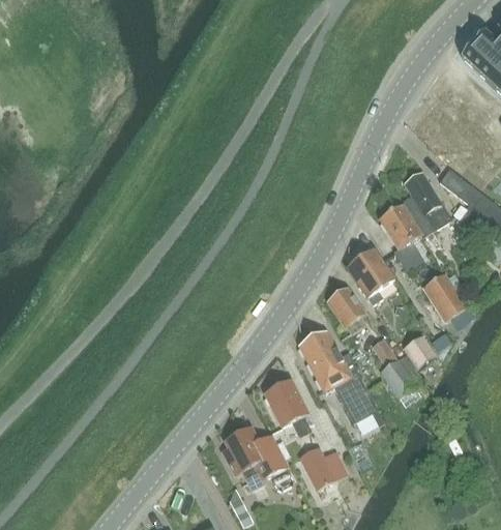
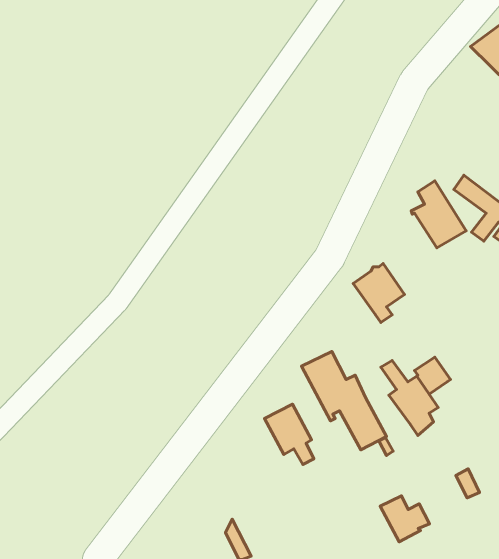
building: [379,203,421,261] -> none
building: [423,272,466,321] -> none
building: [326,287,364,332] -> none
building: [222,426,287,489] -> none
building: [298,446,344,489] -> [380,496,429,542]

